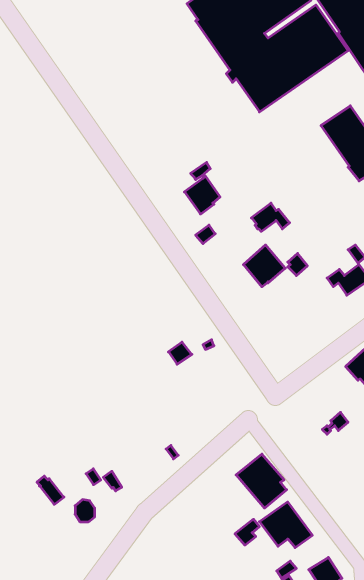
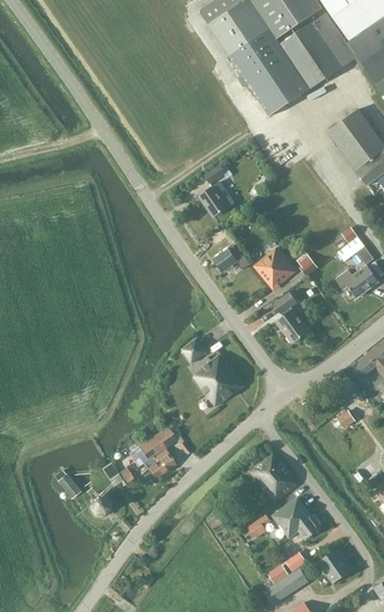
building: [251,203,290,231] -> [213,244,250,271]
building: none -> [272,292,309,344]
building: none -> [193,354,243,406]
building: none -> [128,426,177,479]

